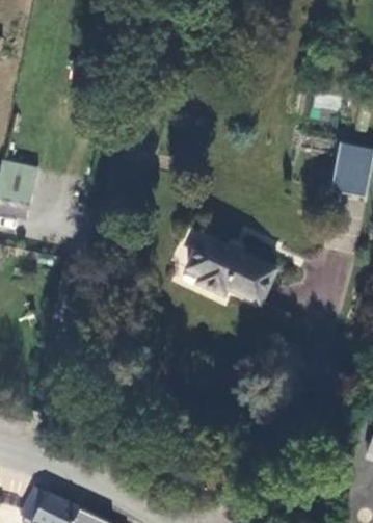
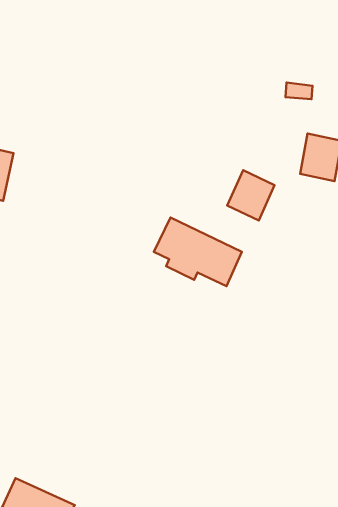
building: none -> [227,170,275,221]

